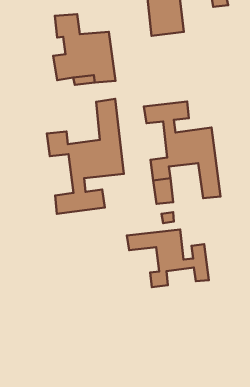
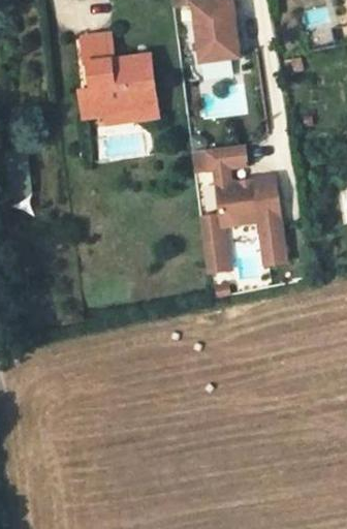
building: [47,99,124,214] -> none
building: [127,230,209,287] -> none

